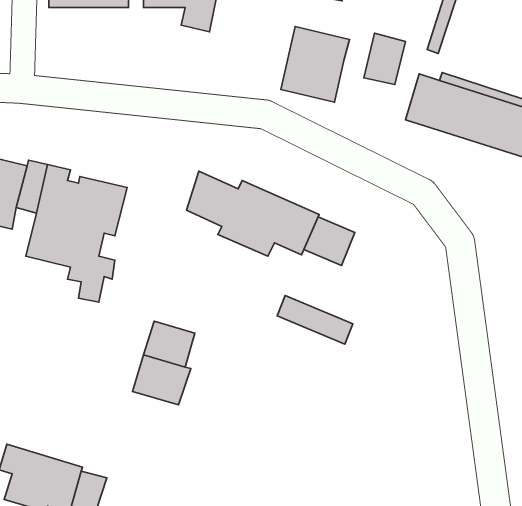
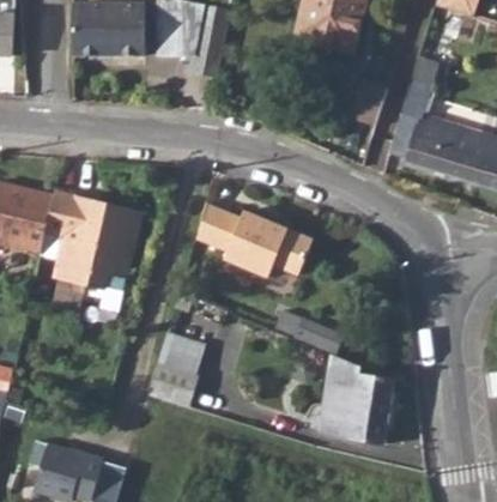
building: [281,26,350,102] -> none
building: [304,217,355,266] -> none
building: none -> [321,356,393,443]

